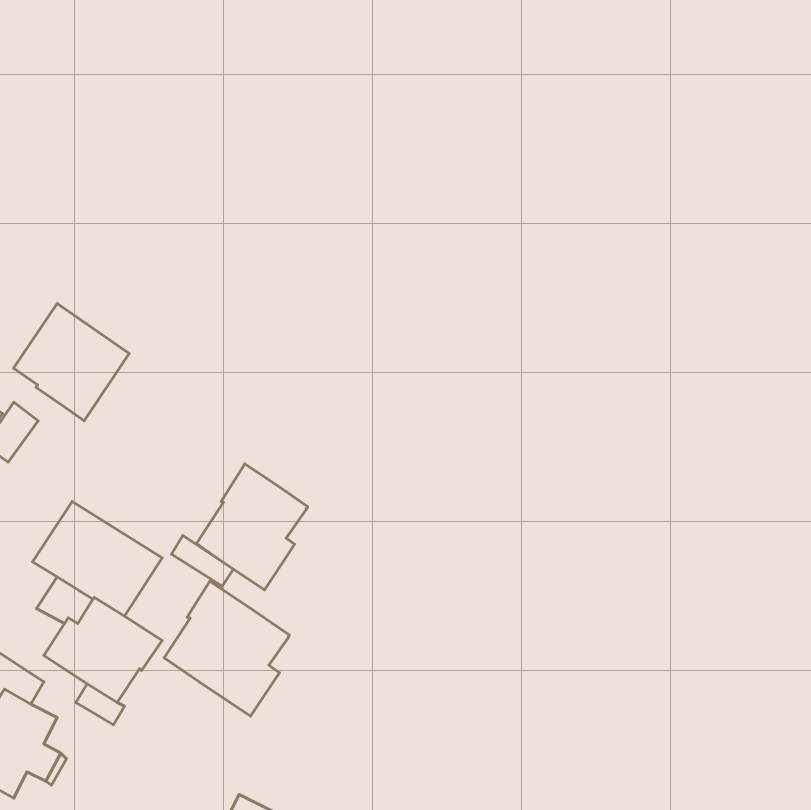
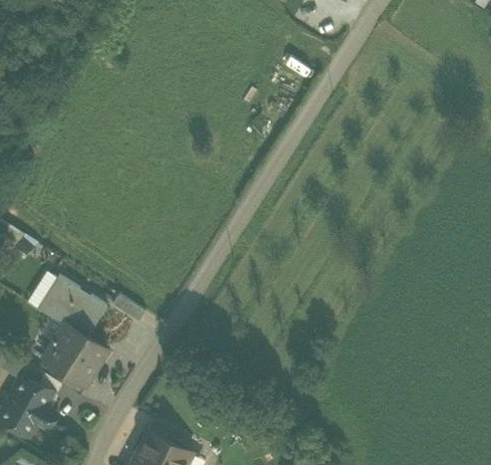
building: [14,304,129,421] -> none
building: [196,464,308,590] -> none
building: [164,581,289,716] -> none

